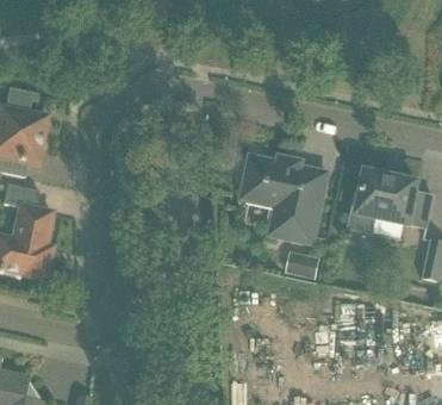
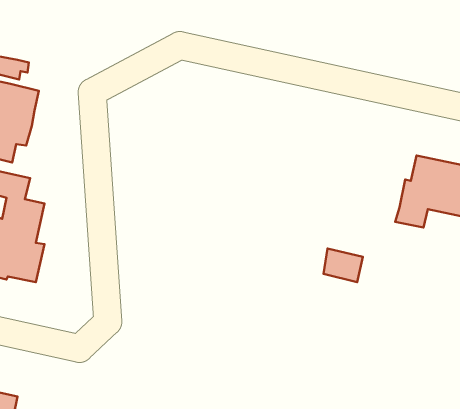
building: [243,156,326,242] -> none

